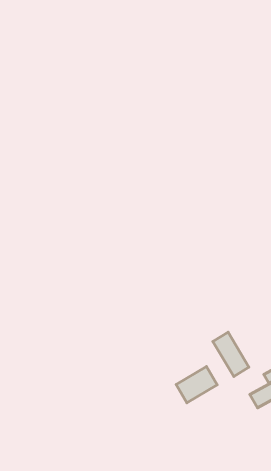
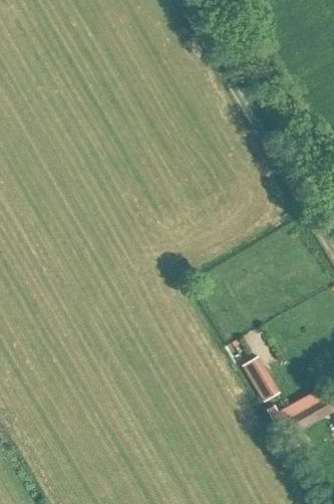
building: [176,366,217,403] -> none

